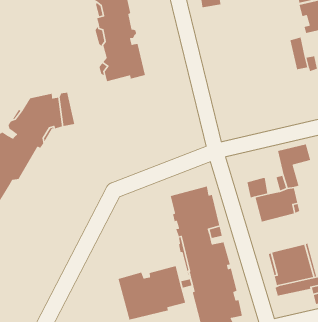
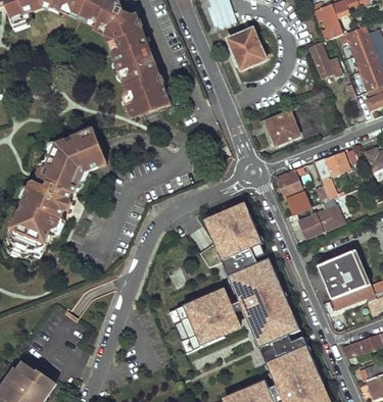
building: none -> [230,30,267,69]
building: none -> [268,110,301,144]
building: none -> [276,164,307,199]

